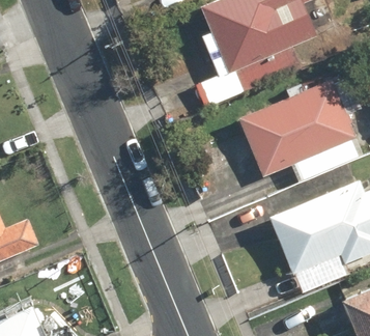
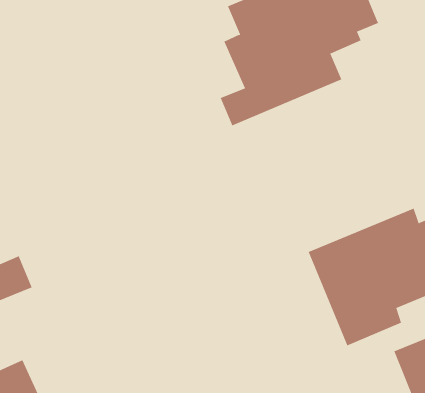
building: [237,81,360,181] -> none

